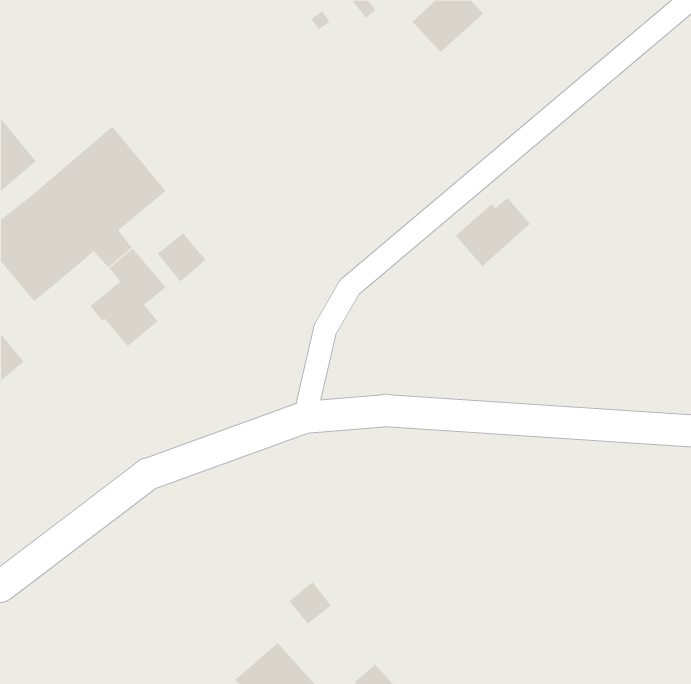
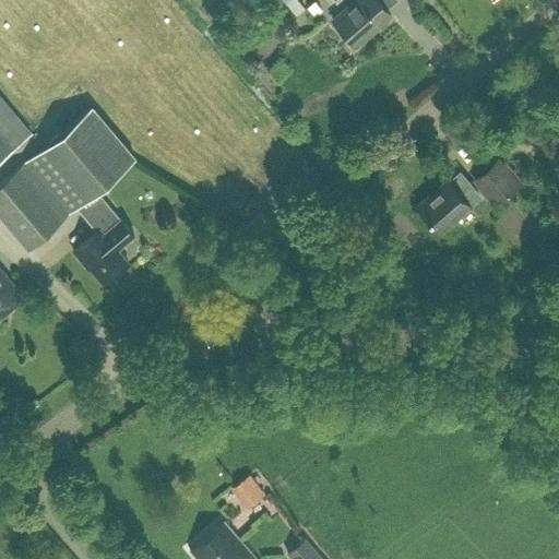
building: none -> [475,165,519,207]
building: [455,197,531,267] -> [418,178,479,235]
building: [157,232,207,283] -> none

